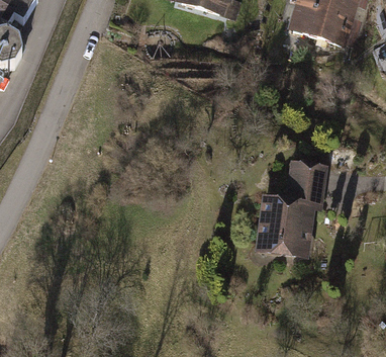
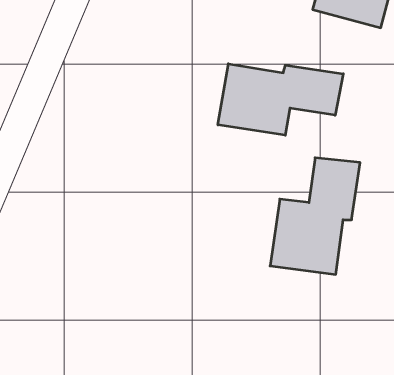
building: none -> [218,64,343,135]

